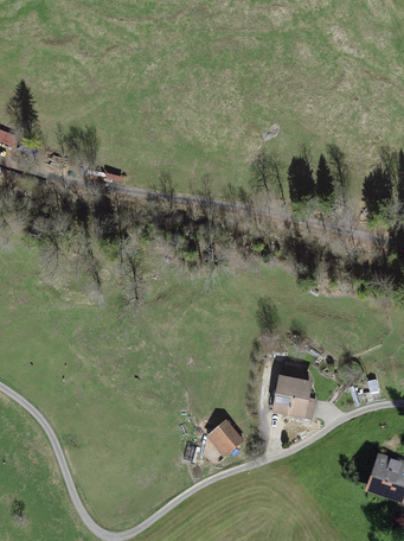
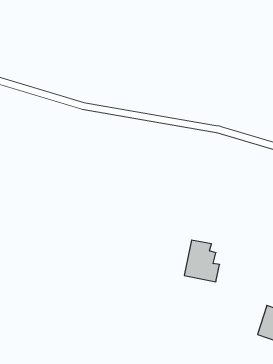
building: [206,420,243,457] -> none

